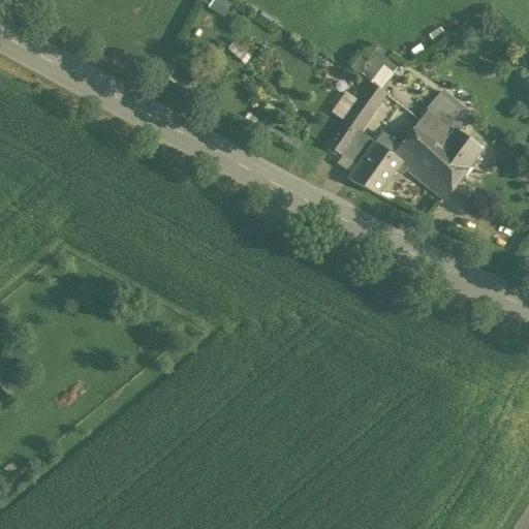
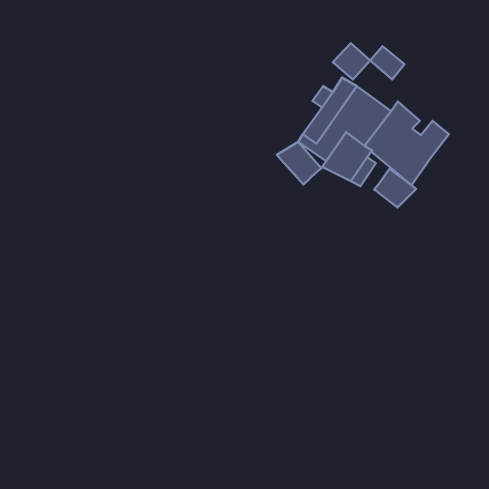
building: [429,94,466,130] -> [370,46,405,80]
building: none -> [277,142,322,185]
building: none -> [374,169,416,207]

